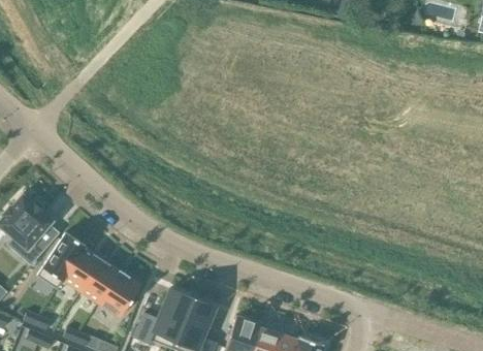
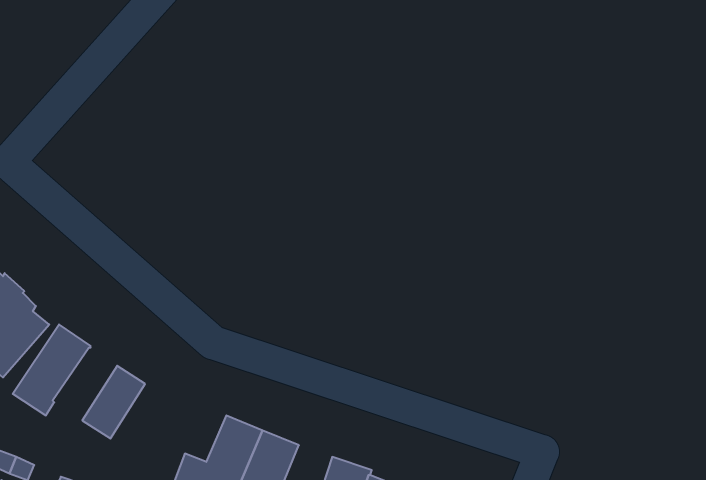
building: [62,246,102,291] -> none
building: [98,268,141,317] -> none

